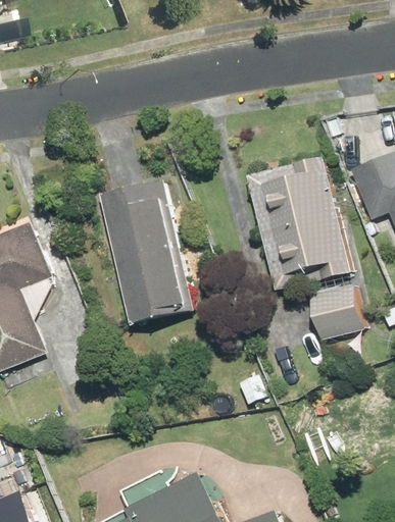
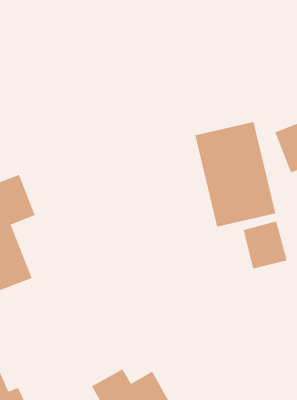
building: [100,178,196,324] -> none

